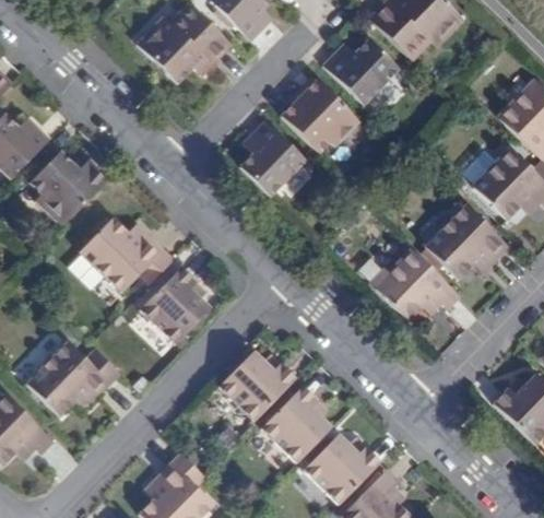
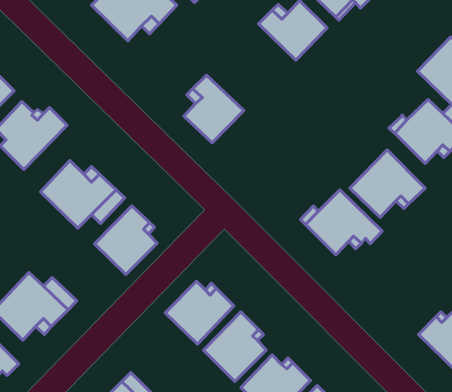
building: [281,75,359,153] -> none

